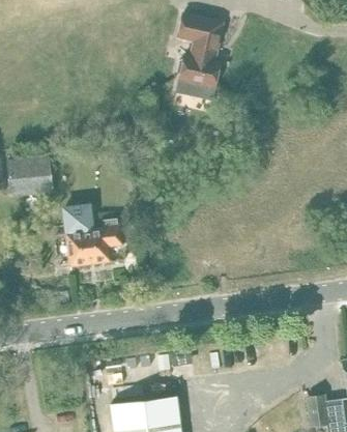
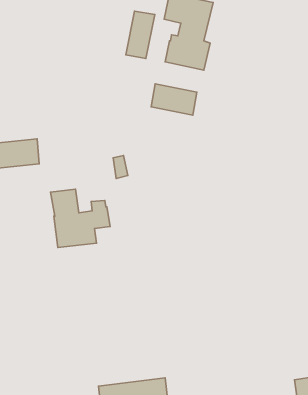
building: none -> [126,11,155,58]
building: none -> [151,84,197,115]

